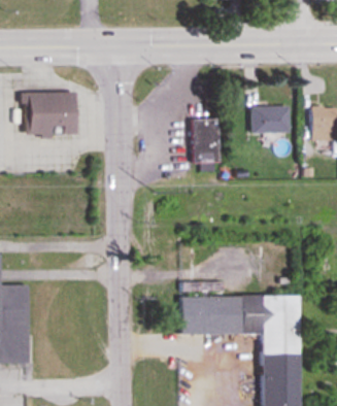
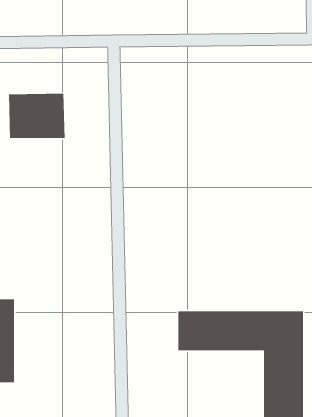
building: [251,106,289,133] -> none
building: [193,120,220,161] -> none

